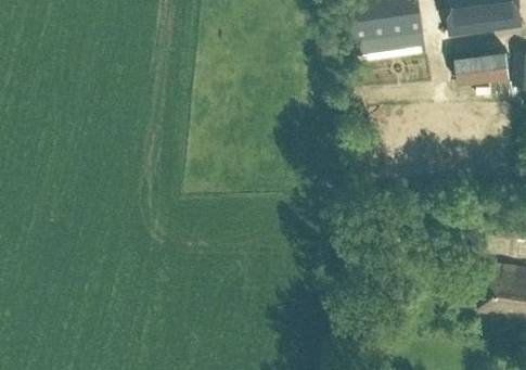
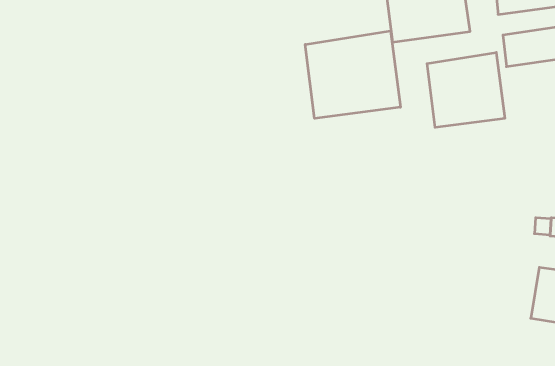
building: none -> [305,31,400,118]
building: none -> [427,52,505,127]

